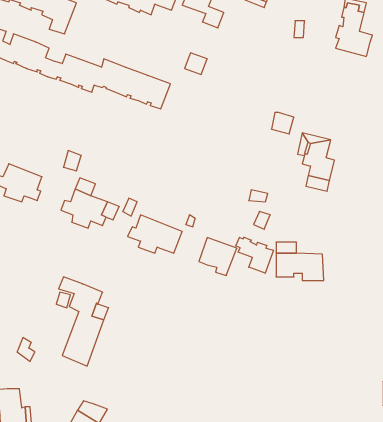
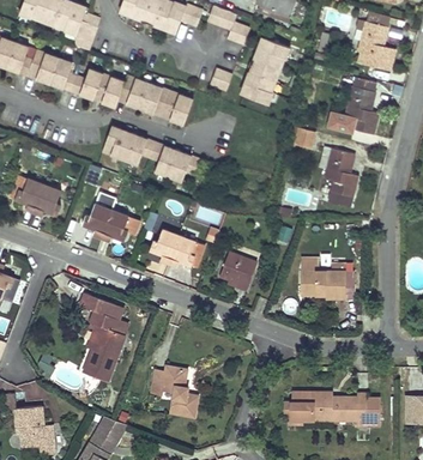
building: none -> [242,37,288,103]
building: none -> [345,78,379,134]
building: none -> [99,125,198,180]
building: [236,237,274,273] -> none
building: none -> [151,365,198,416]
building: none -> [285,391,379,425]

